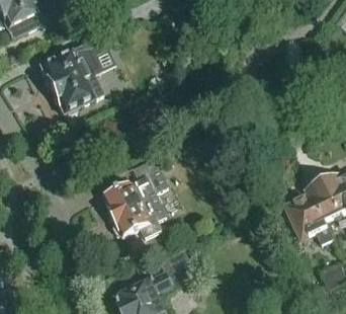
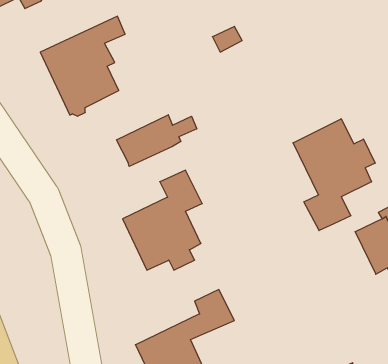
building: none -> [117,115,197,166]
building: none -> [293,119,375,231]

